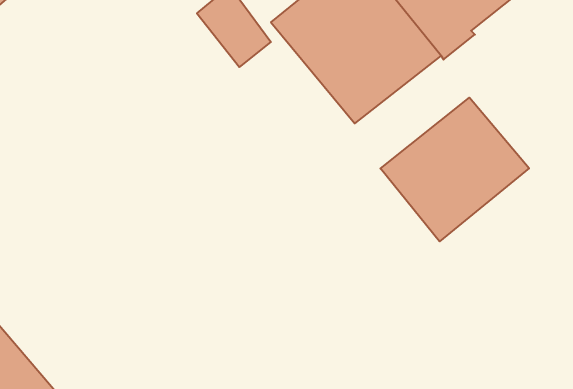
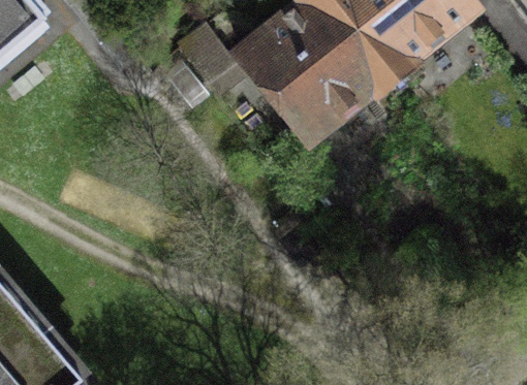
building: [380,98,529,241] -> none

